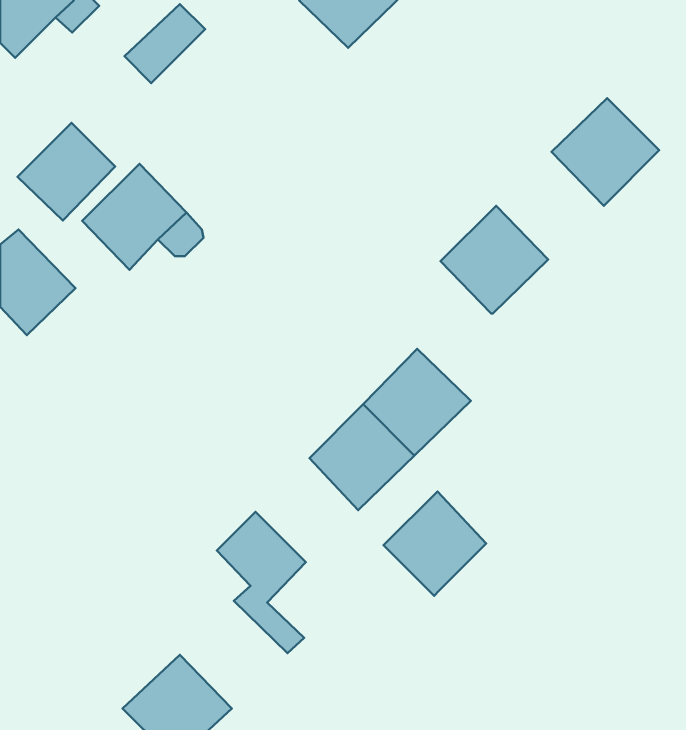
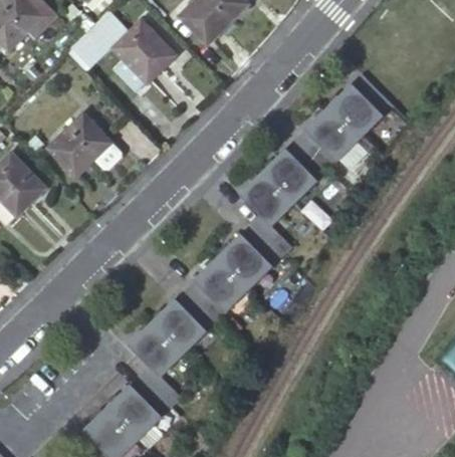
building: none -> [112,21,176,82]
building: [17,123,115,220] -> none
building: none -> [296,106,361,171]
building: none -> [239,172,294,255]
building: [384,491,486,596] -> [153,289,214,352]
building: none -> [107,375,172,439]

